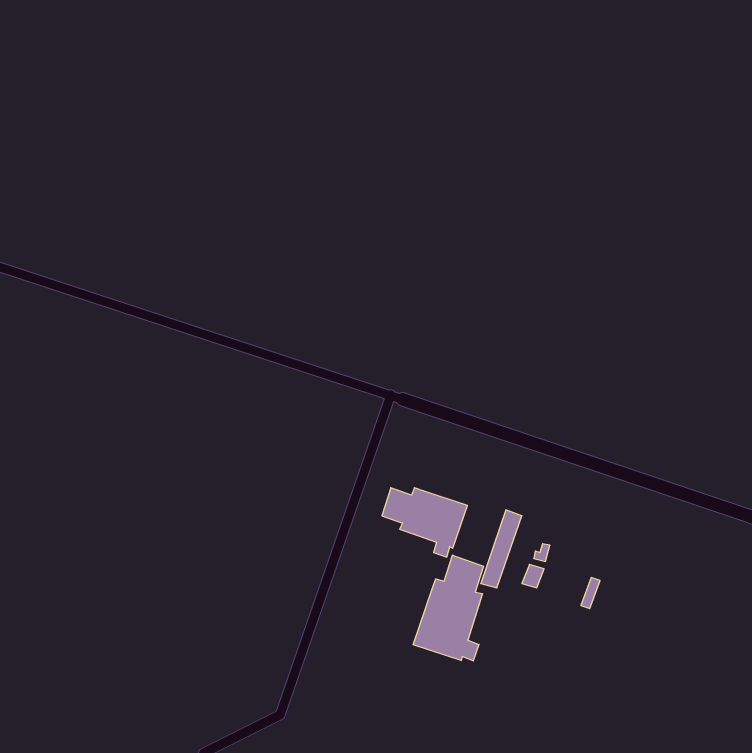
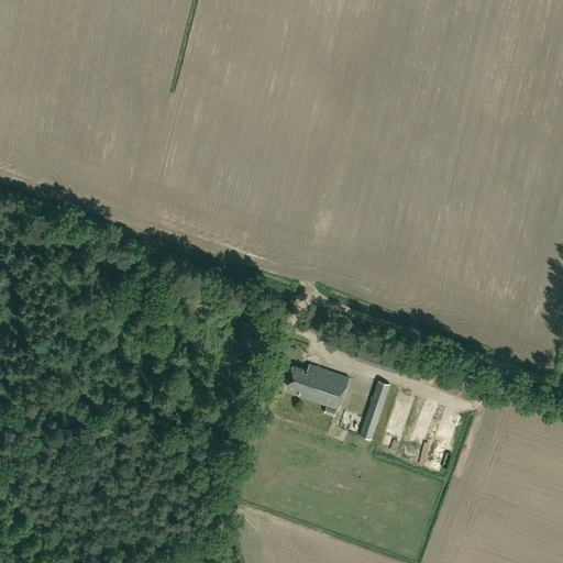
building: [413,555,483,661] -> none

